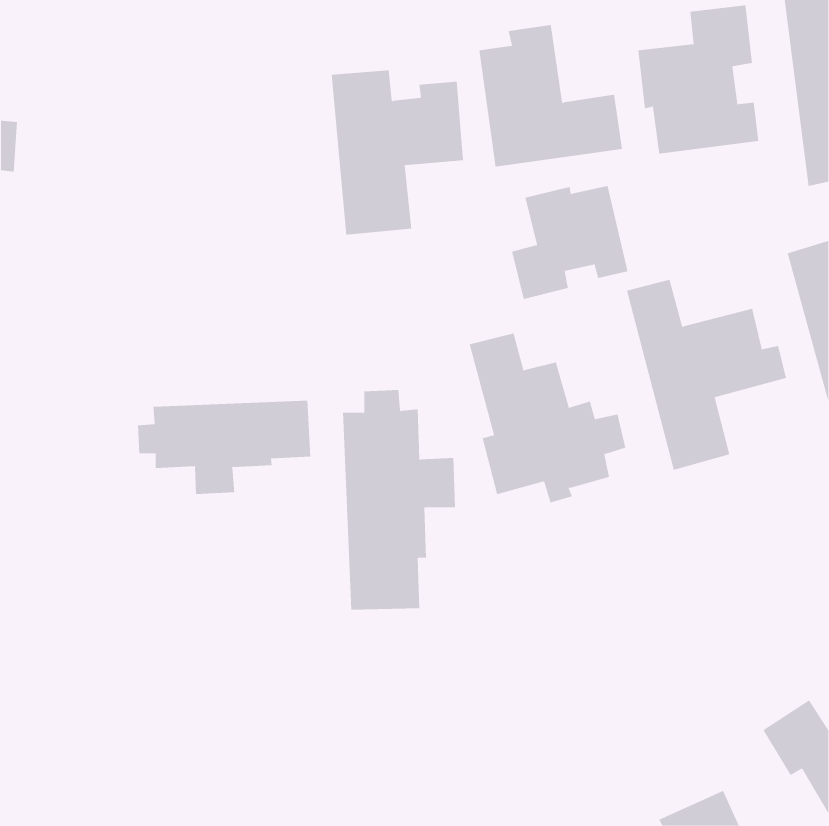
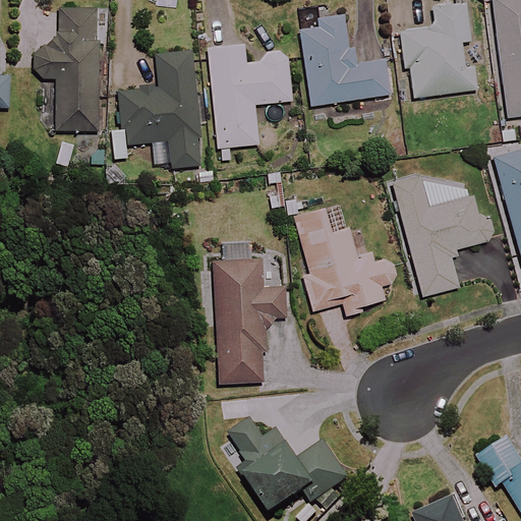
building: none -> [35,7,104,130]
building: none -> [119,51,200,167]
building: [511,185,628,300] -> none
building: [138,400,311,495] -> none
building: none -> [230,418,348,513]

